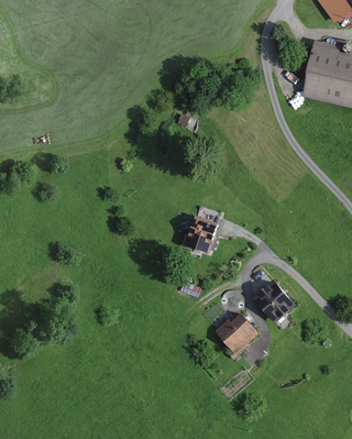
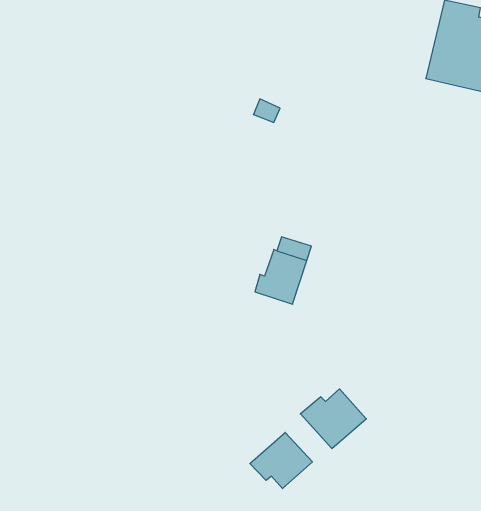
building: [252,279,294,322] -> none
building: none -> [250,432,312,489]

